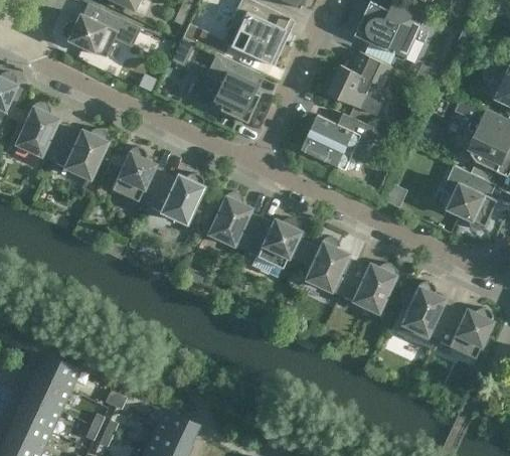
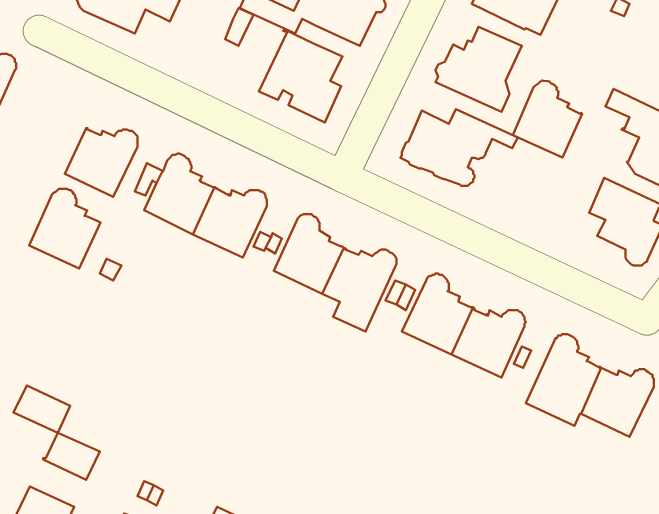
building: none -> [513,81,582,157]
building: [15,103,68,162] -> [29,189,101,268]
building: [26,375,68,411] -> [13,385,70,433]

